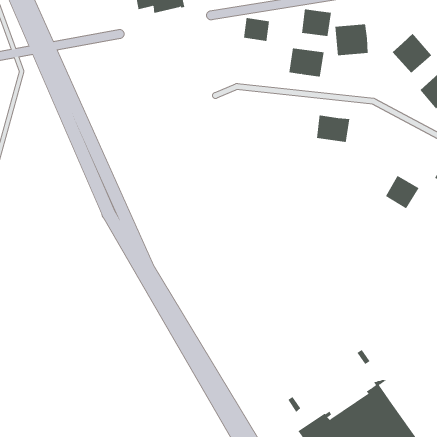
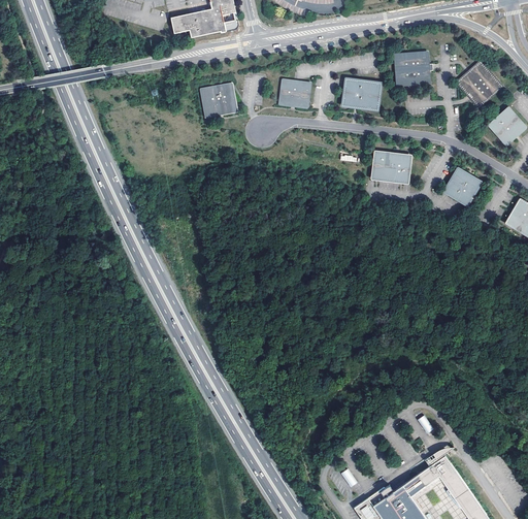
building: [302,8,331,37] -> none
building: [243,17,270,41] -> [280,80,310,107]
building: none -> [202,84,237,116]
building: [385,175,419,209] -> [443,167,482,205]

